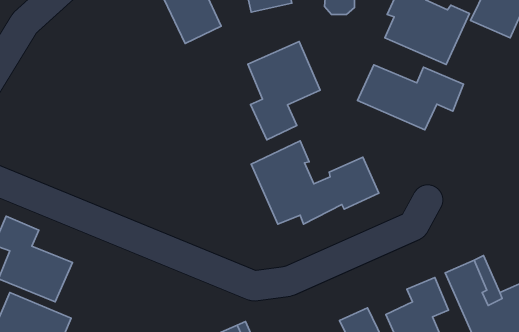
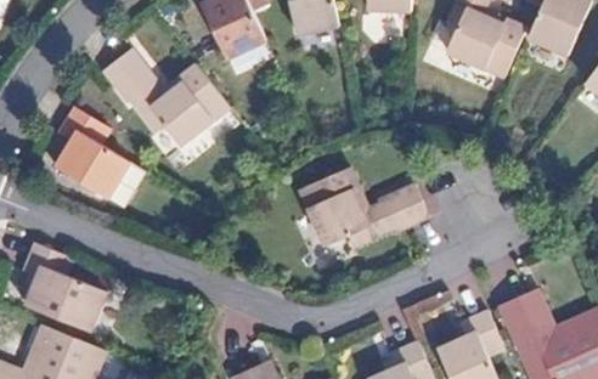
building: none -> [101,53,230,149]
building: [248,42,320,140] -> none
building: [357,65,463,130] -> none
building: none -> [55,107,130,200]

